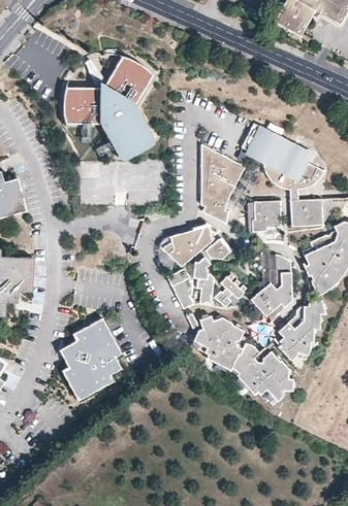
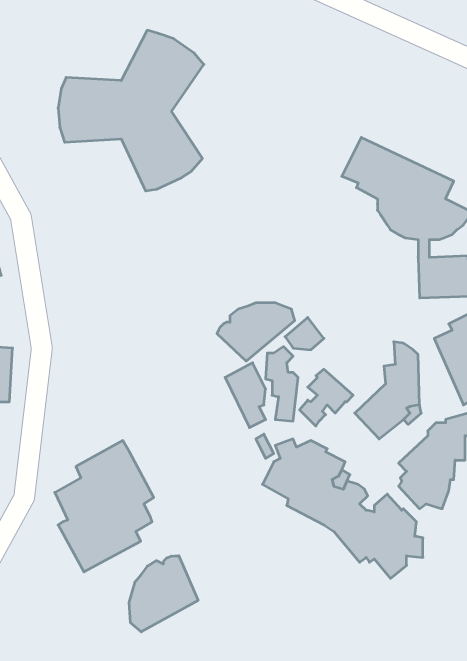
building: [202,146,245,225] -> none
building: [253,201,282,232] -> none
building: none -> [129,556,198,632]

